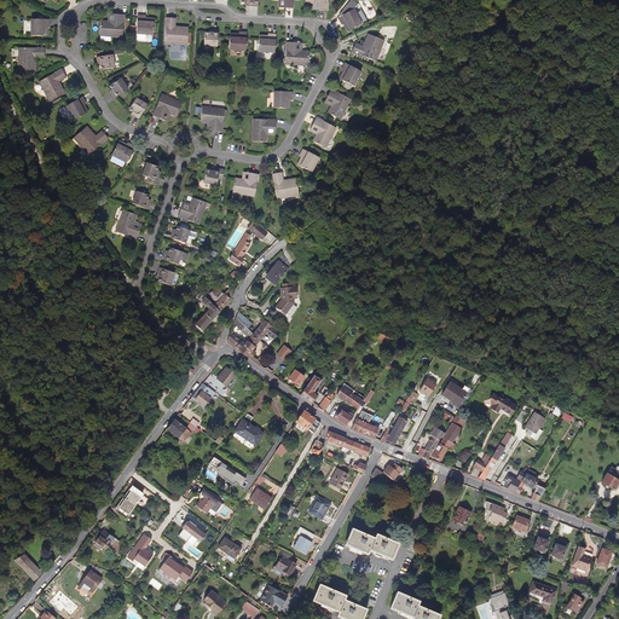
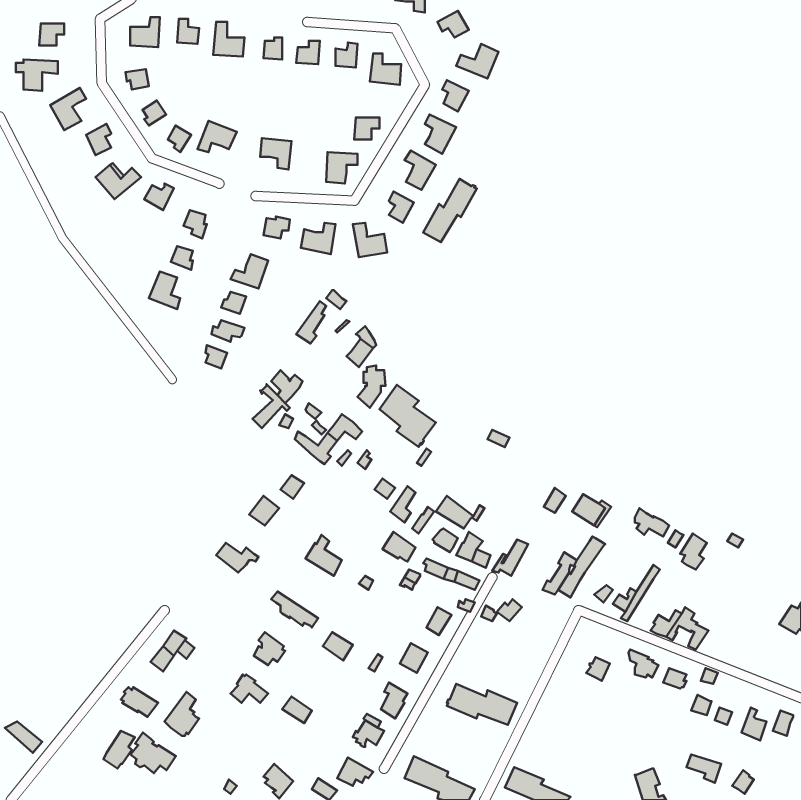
building: none -> [423,179,477,242]
building: none -> [380,385,436,447]
building: [158,553,193,584] -> [130,733,176,773]

